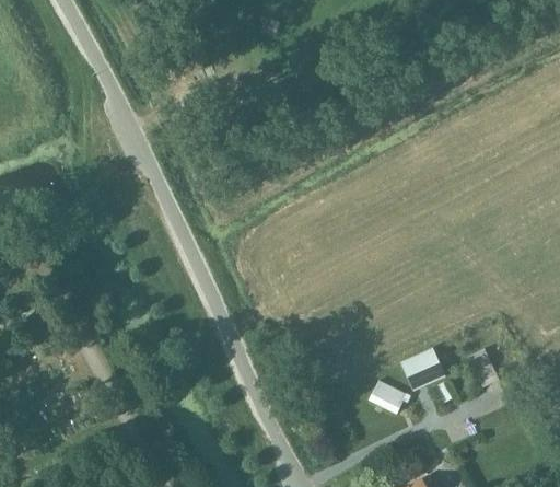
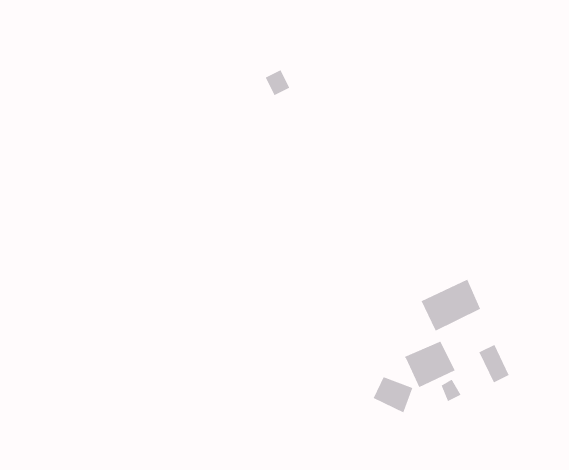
building: none -> [421,279,481,332]

